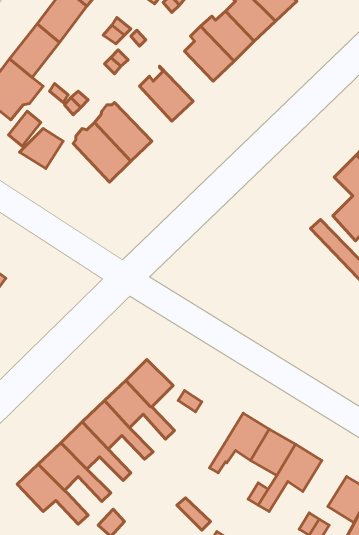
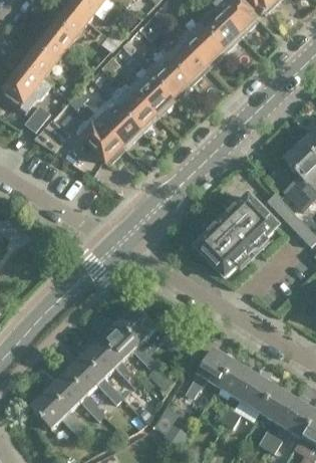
building: none -> [145,57,189,97]
building: none -> [109,82,155,130]
building: none -> [196,195,278,276]
building: none -> [261,387,296,424]

